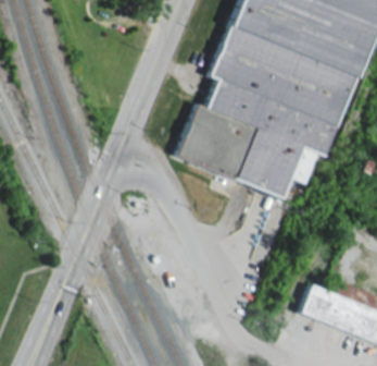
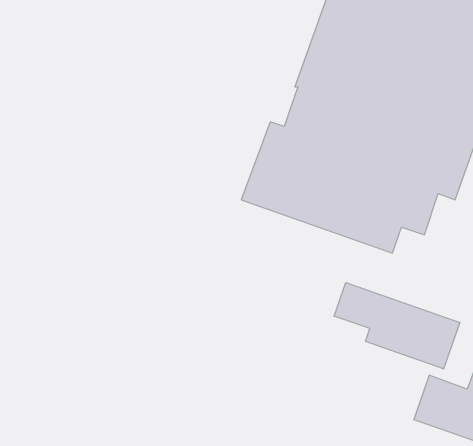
building: none -> [334,283,460,369]

